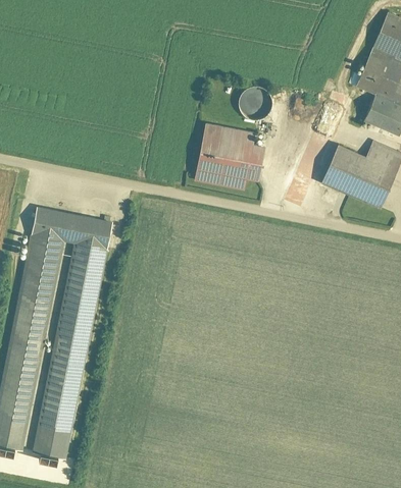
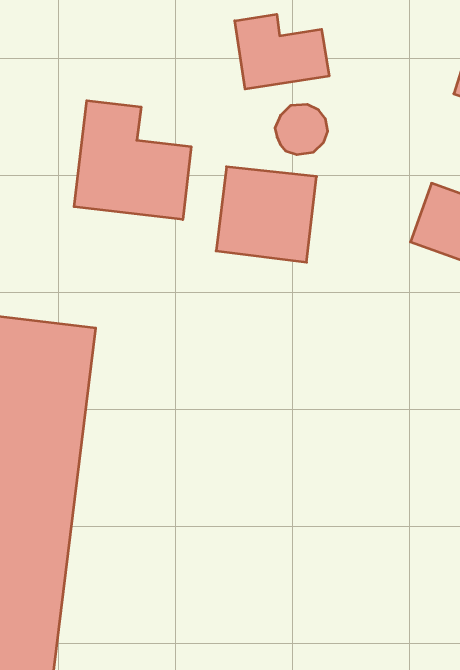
building: none -> [235,14,329,89]
building: none -> [74,101,191,220]

